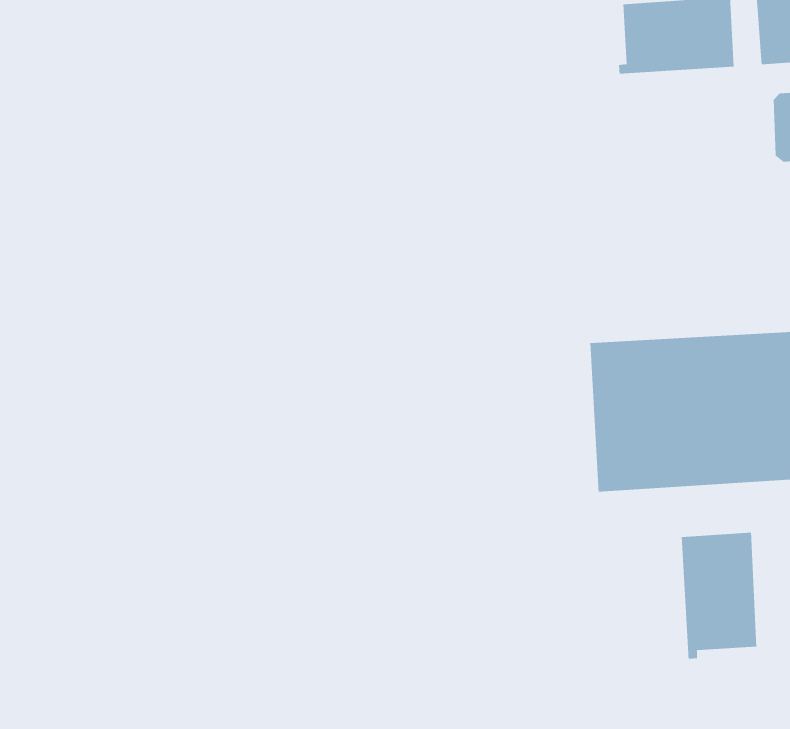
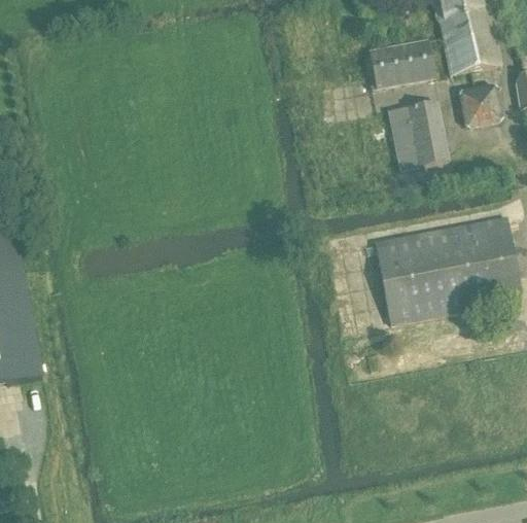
building: none -> [388,100,449,170]
building: [681,532,757,659] -> none

